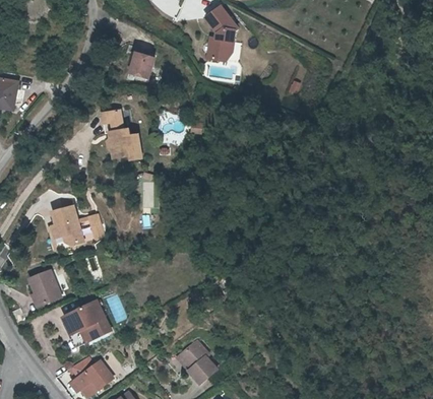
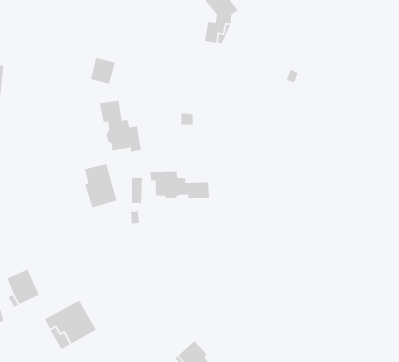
building: [131,52,156,78] -> [90,57,116,85]
building: none -> [150,171,210,199]
building: [48,210,79,253] -> [84,163,118,208]

